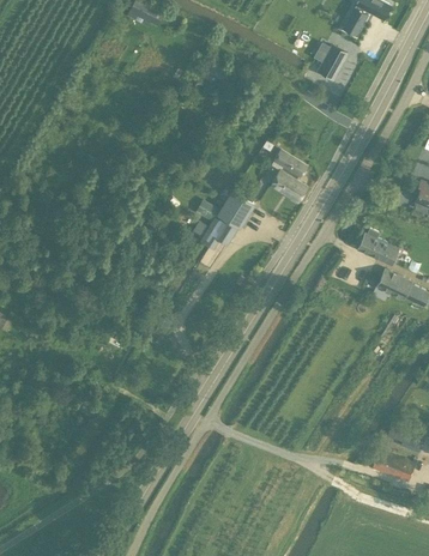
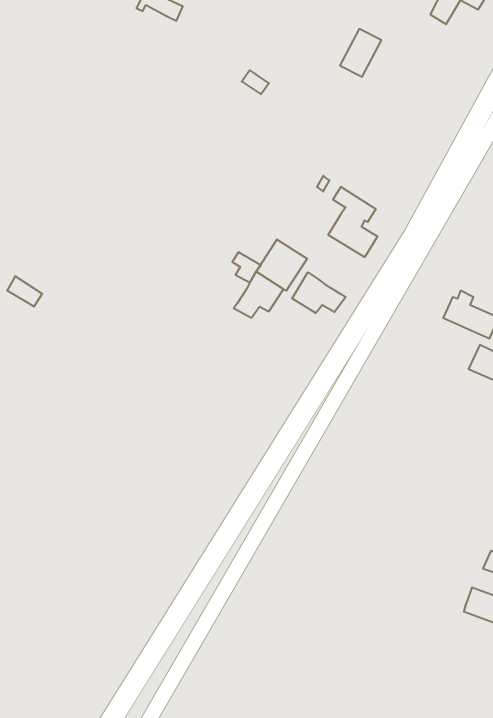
building: [318,43,349,79] -> [340,29,381,77]
building: none -> [292,272,346,313]

